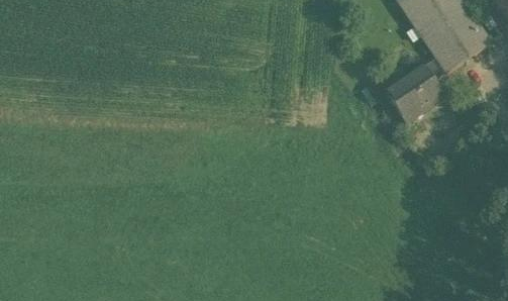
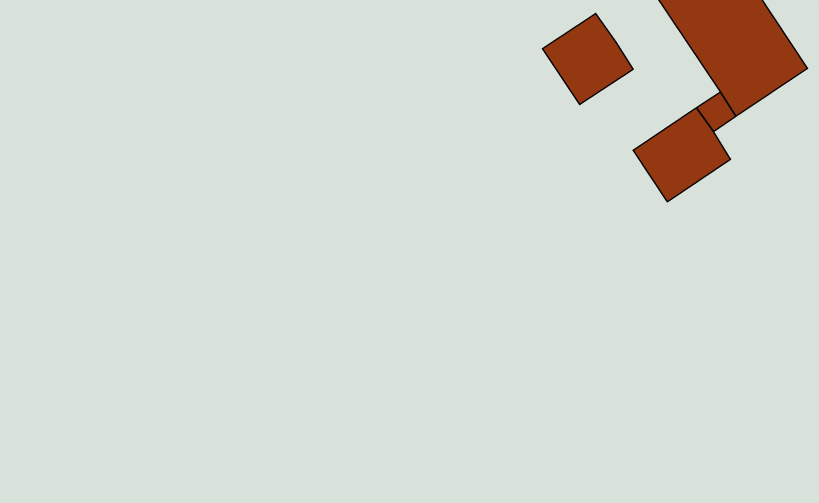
building: none -> [542,13,633,105]

